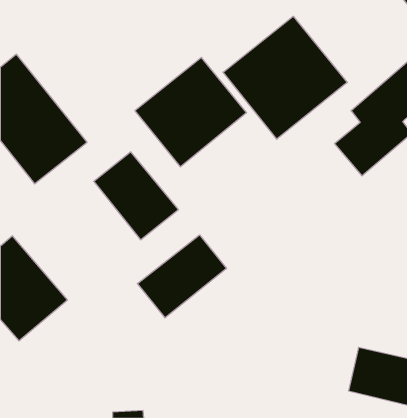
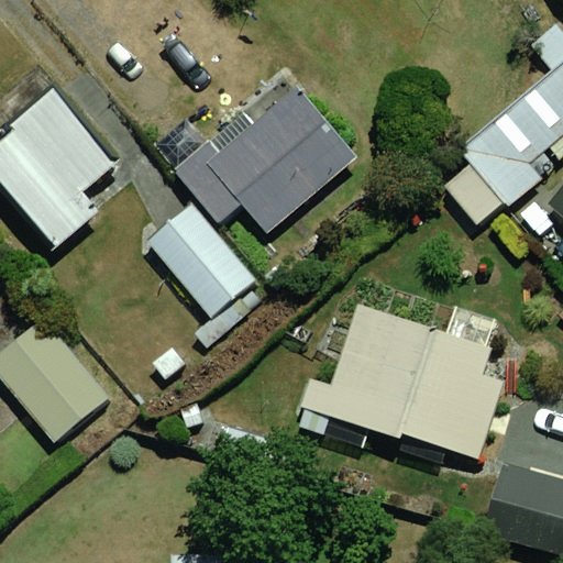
building: [223,16,347,139] -> none
building: none -> [317,302,504,461]
building: [137,235,227,318] -> none

